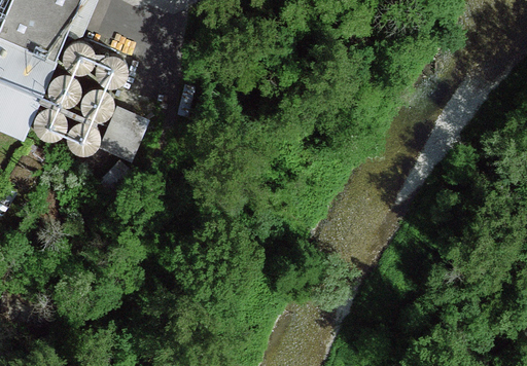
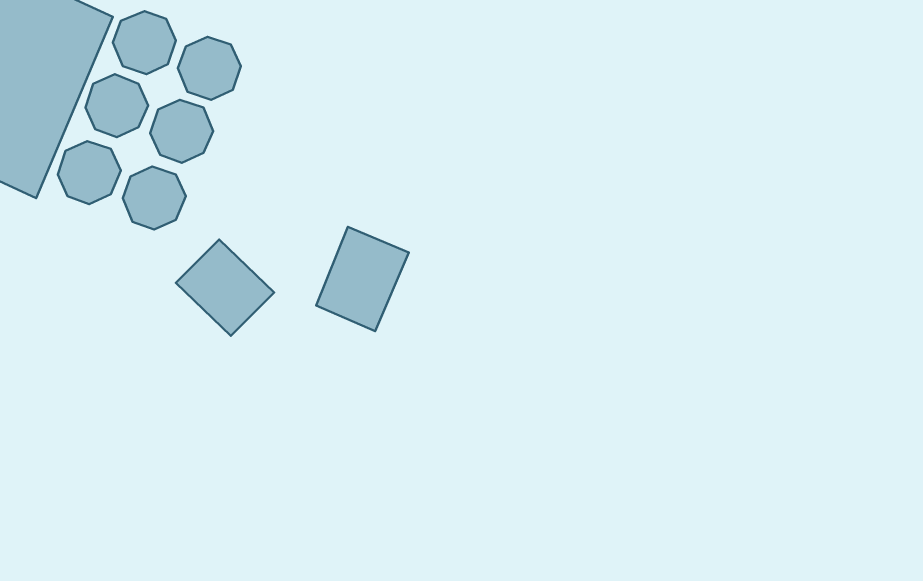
building: [101,105,149,159] -> [316,227,409,331]

